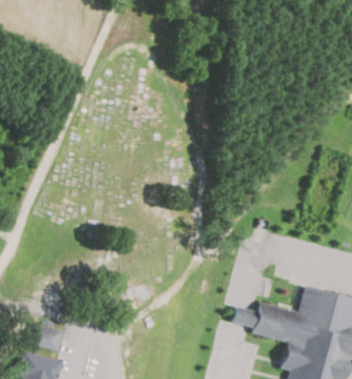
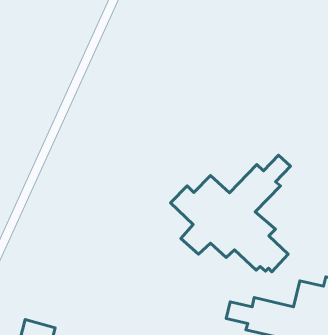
building: none -> [170,155,291,272]

